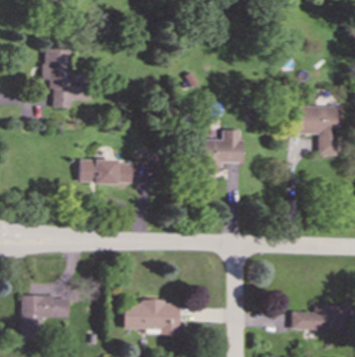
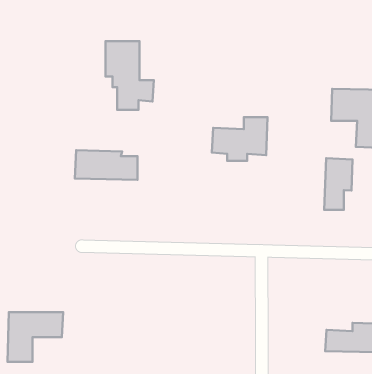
building: [43,48,84,107] -> [105,41,154,110]
building: none -> [324,158,352,210]
building: [124,301,179,334] -> none

